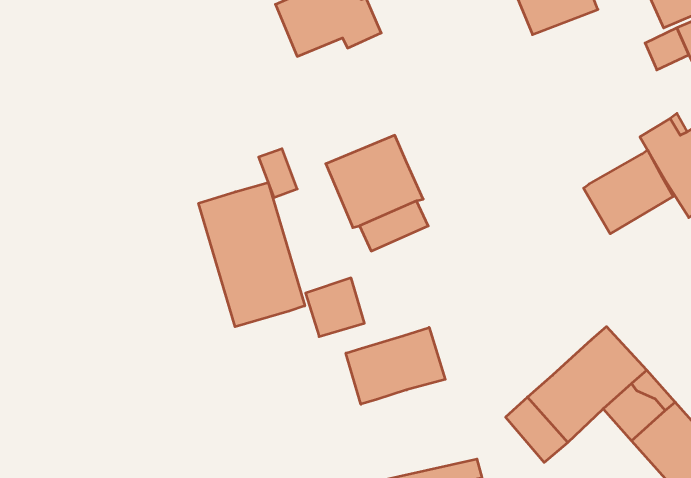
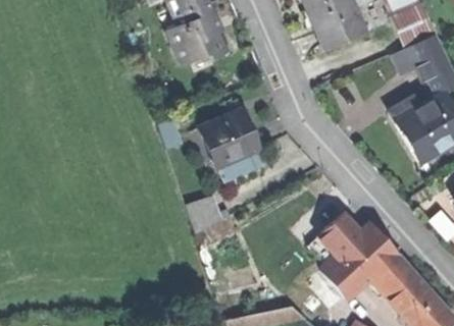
building: [584,150,673,234] -> none
building: [199,183,305,327] -> none
building: none -> [319,215,361,257]
building: [346,327,445,404] -> none

